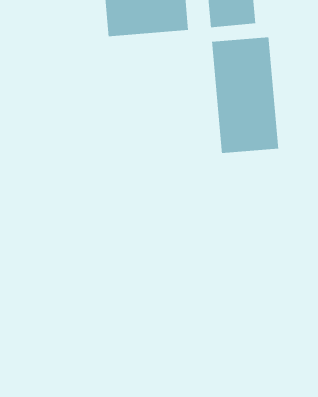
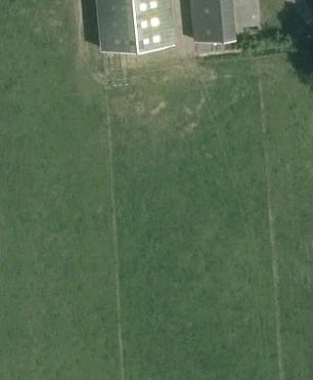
building: [212,37,279,154] -> none

